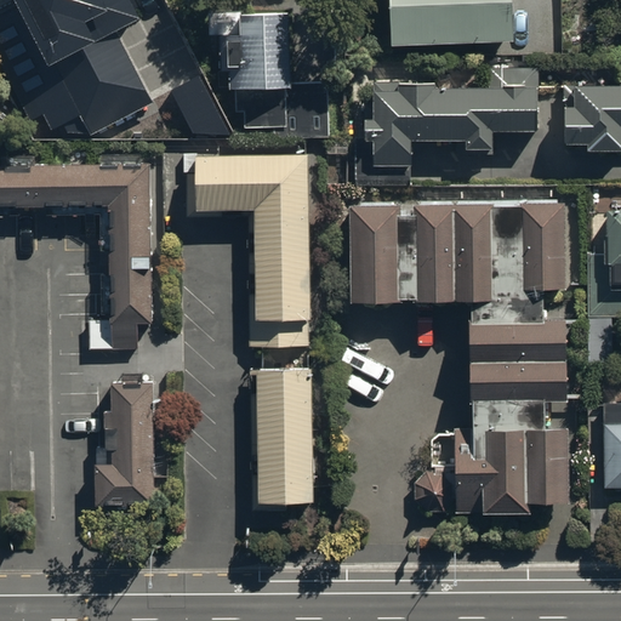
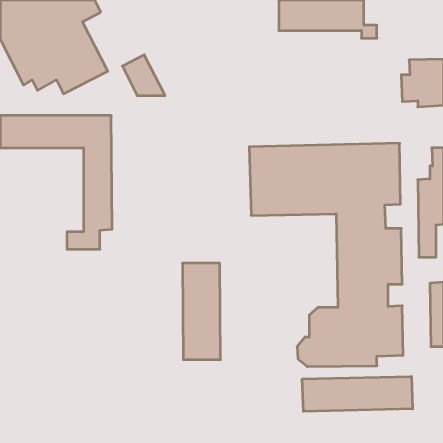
building: [220,12,327,137] -> none
building: [357,68,535,187] -> none
building: [189,155,310,343] -> none
building: [96,381,155,503] -> none
building: none -> [302,376,413,411]

